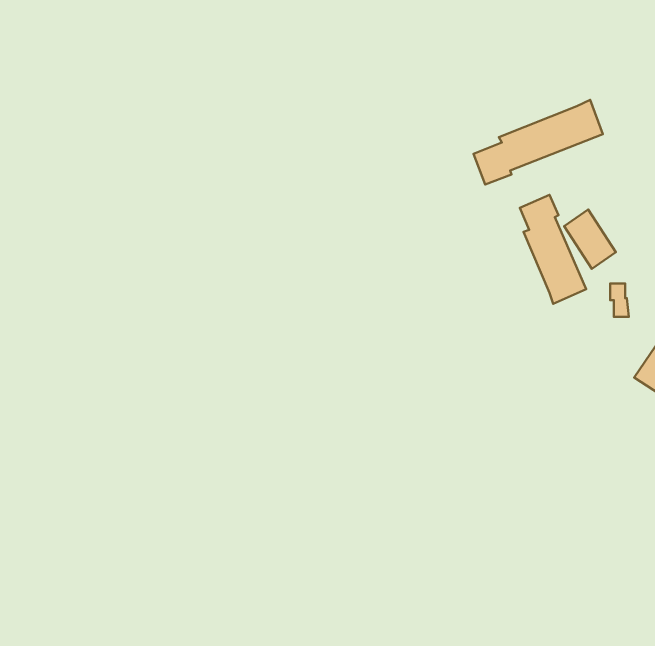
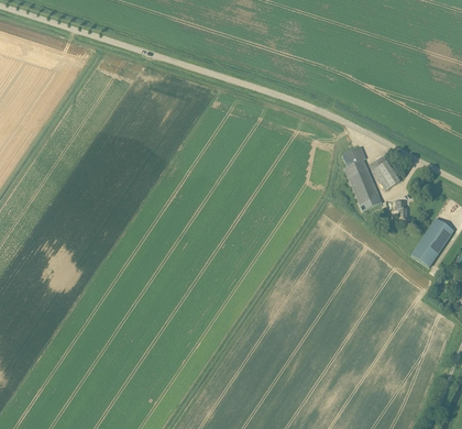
building: [474,100,603,184] -> none

